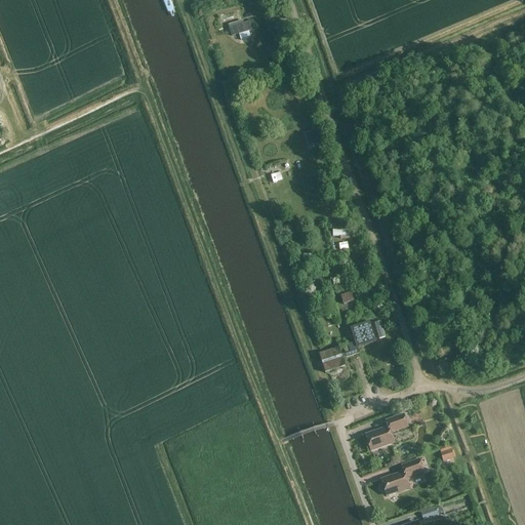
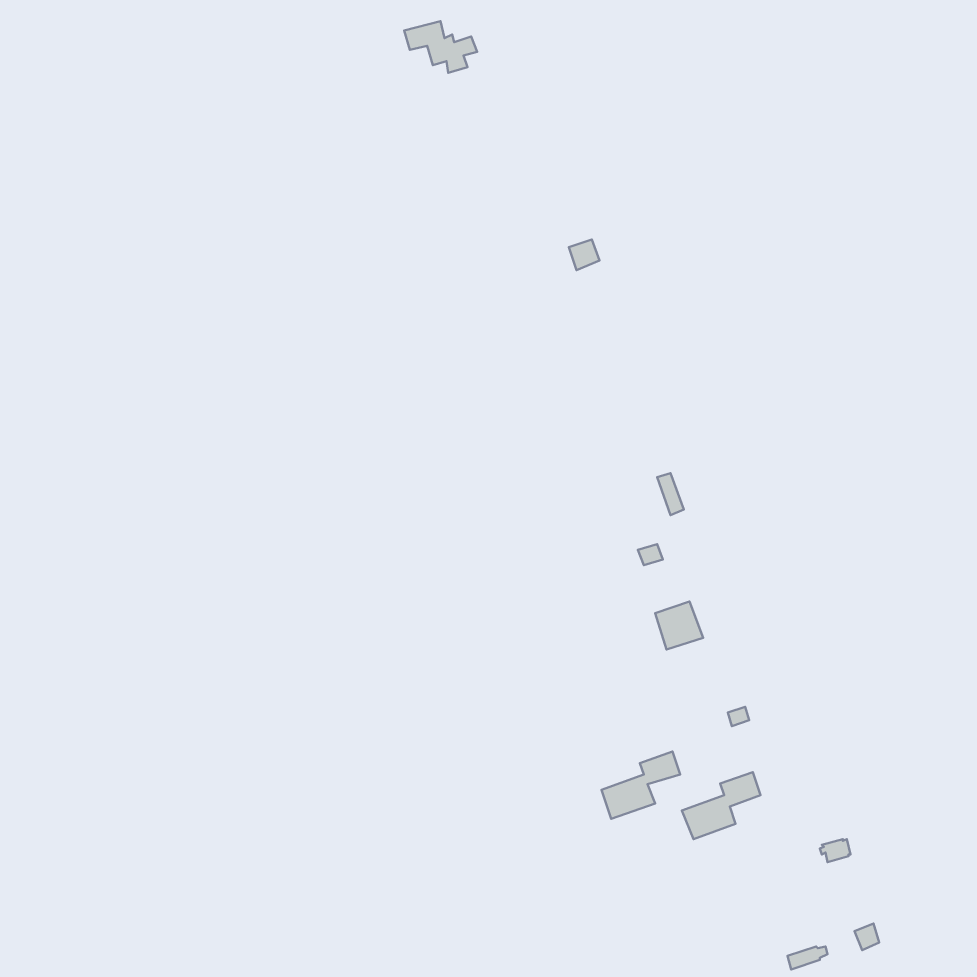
building: [320,347,347,371] -> none
building: [382,458,425,494] -> [602,752,680,819]

